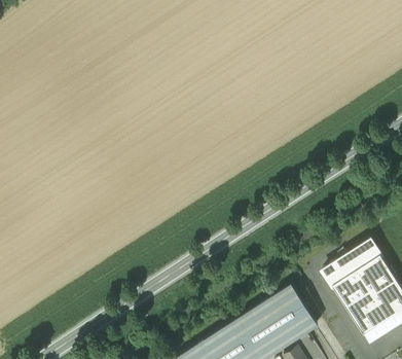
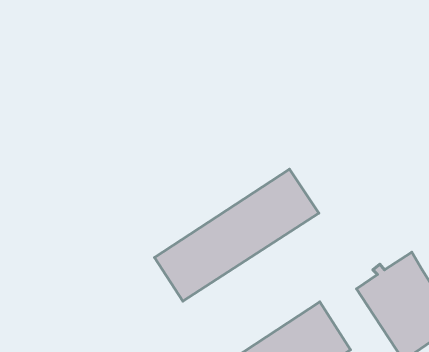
building: none -> [155,169,319,301]

